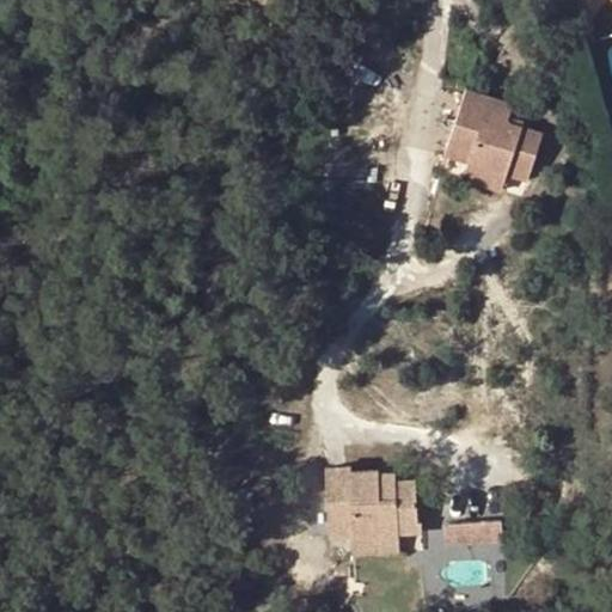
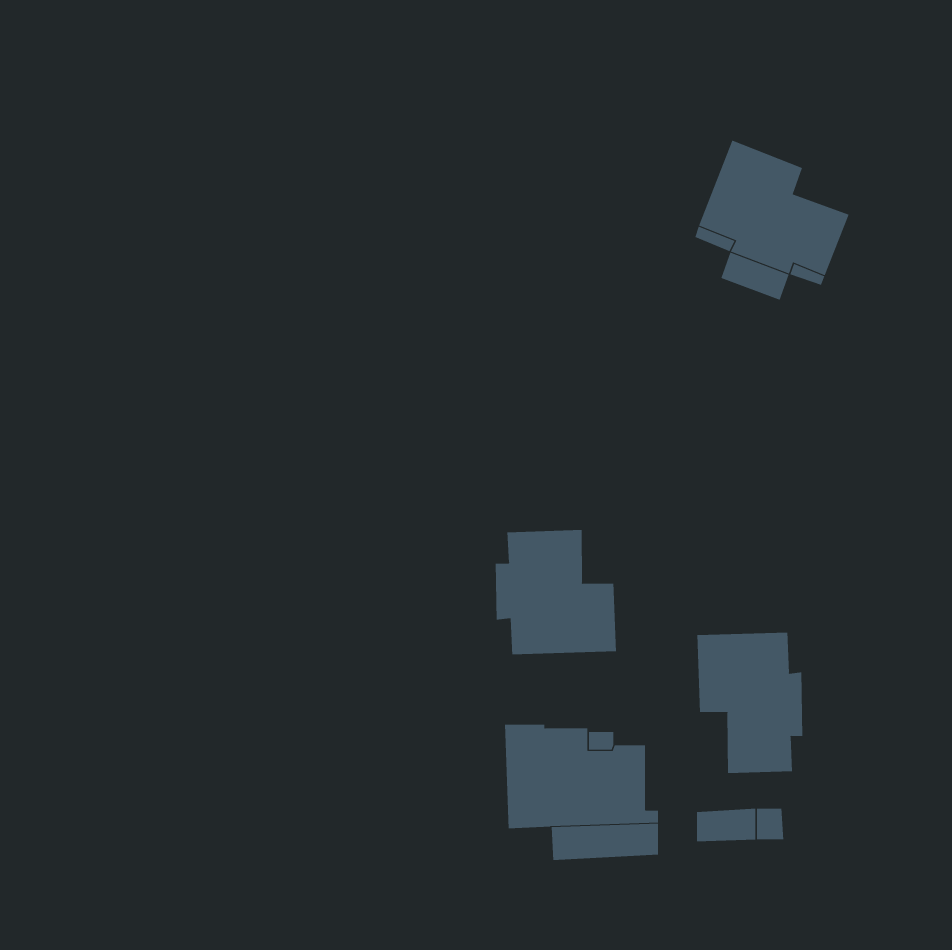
building: none -> [495,529,616,655]
building: none -> [697,632,803,774]

